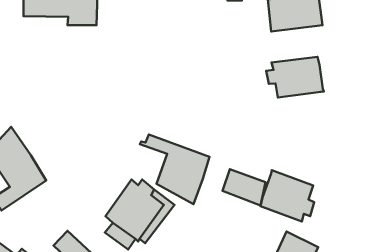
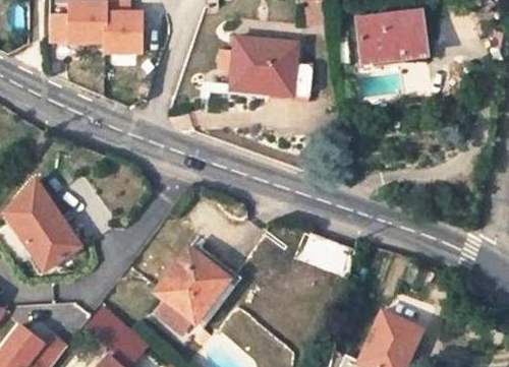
building: none -> [232,38,313,96]
building: [266,57,324,97] -> none
building: [140,135,209,204] -> none
building: [260,170,314,221] -> none

